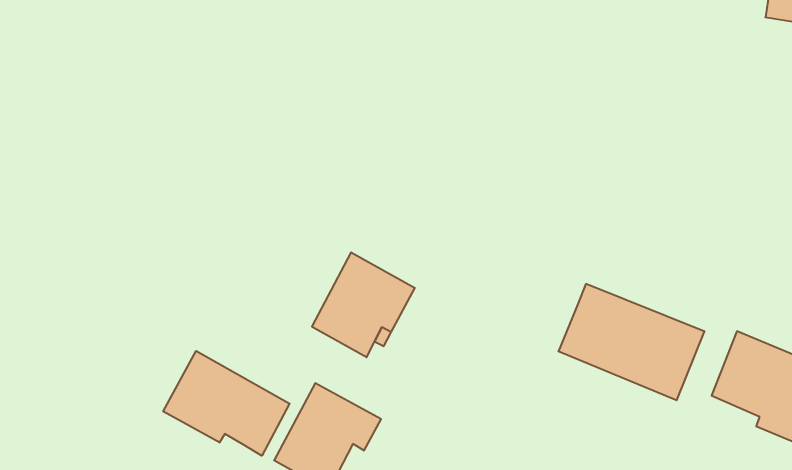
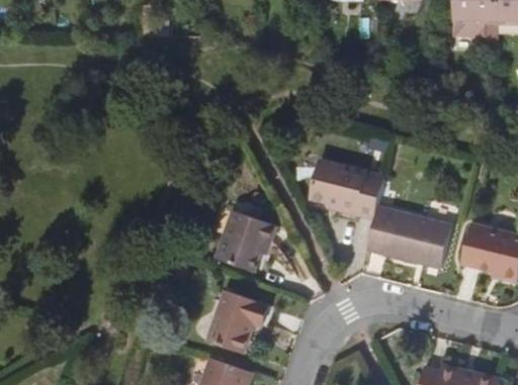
building: none -> [308,161,382,221]
building: [163,351,290,456] -> none

